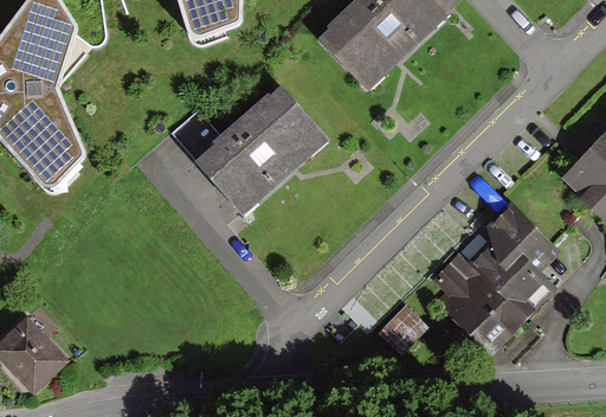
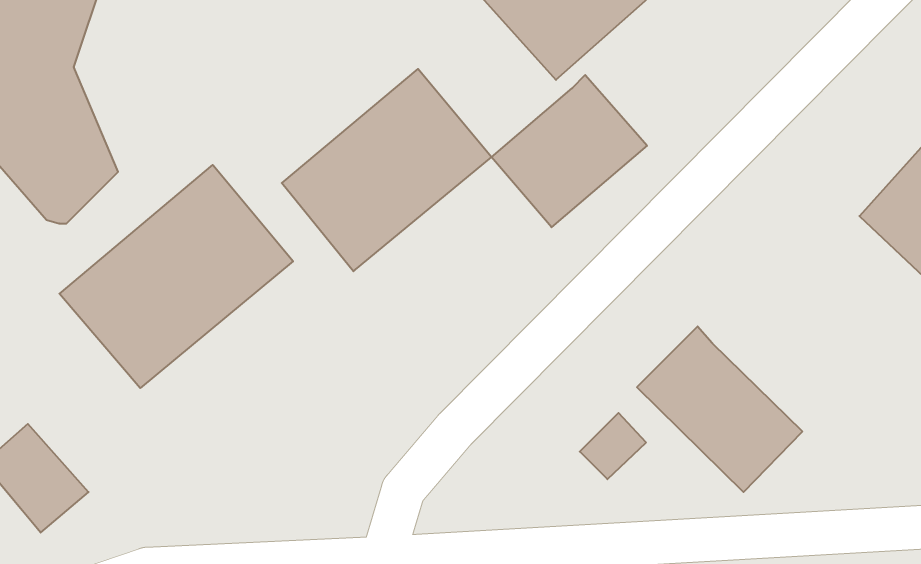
building: none -> [492,75,647,227]
building: none -> [59,165,293,388]
building: [468,205,559,317] -> none

